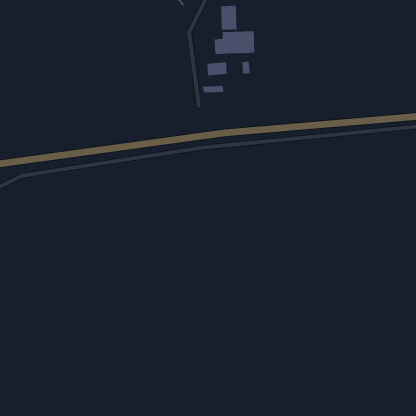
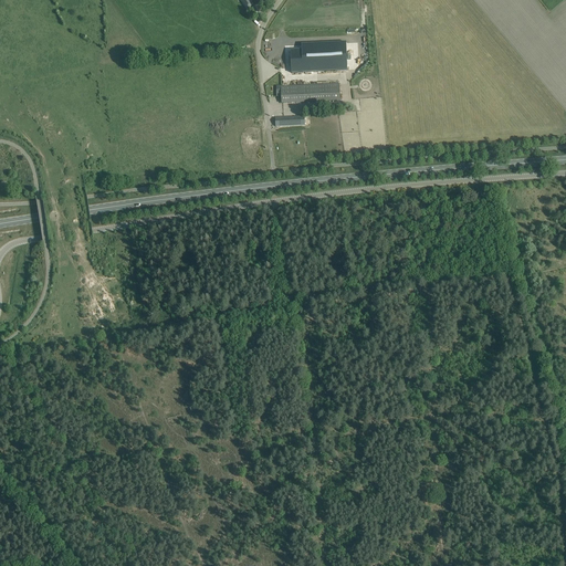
building: [220,5,237,31] -> none

